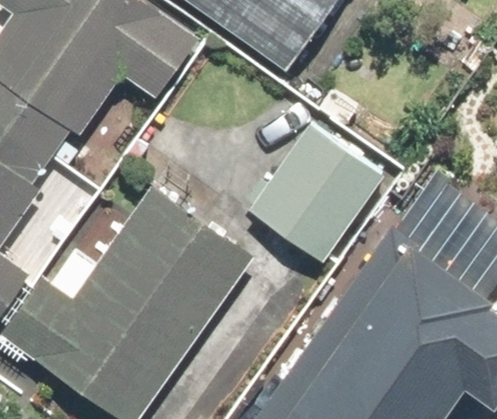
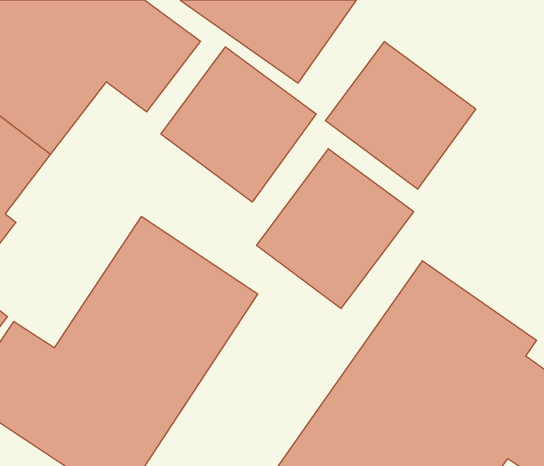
building: none -> [326,41,476,189]
building: none -> [161,47,316,202]

